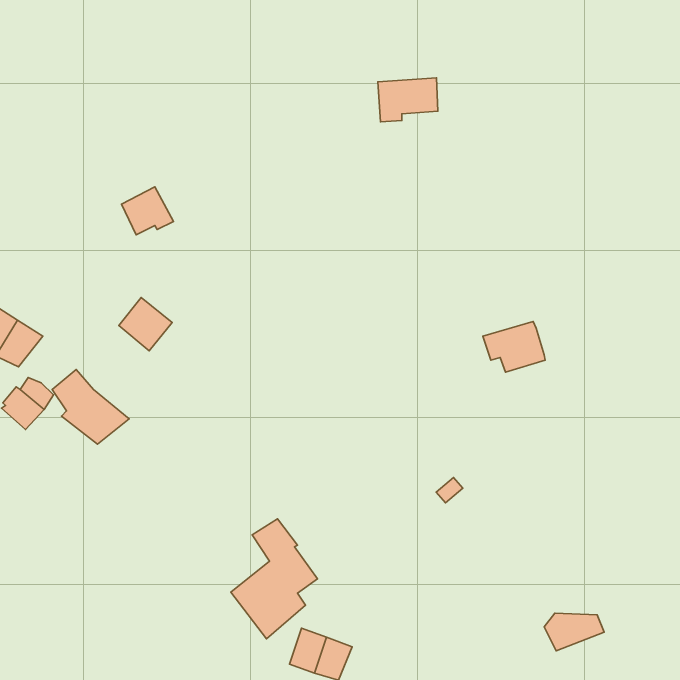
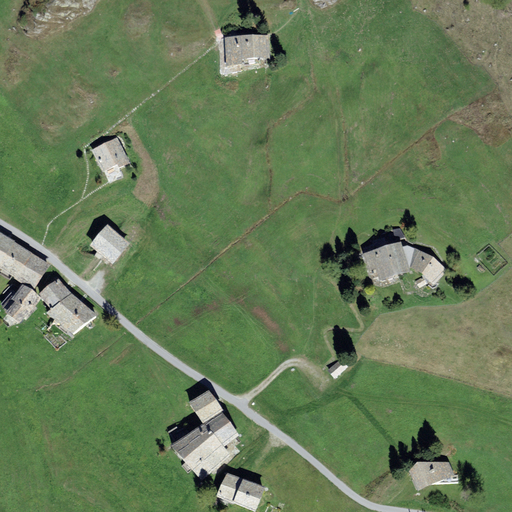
building: [378,78,438,122] -> [224,36,269,69]
building: none -> [402,244,447,284]
building: none -> [13,252,50,287]

